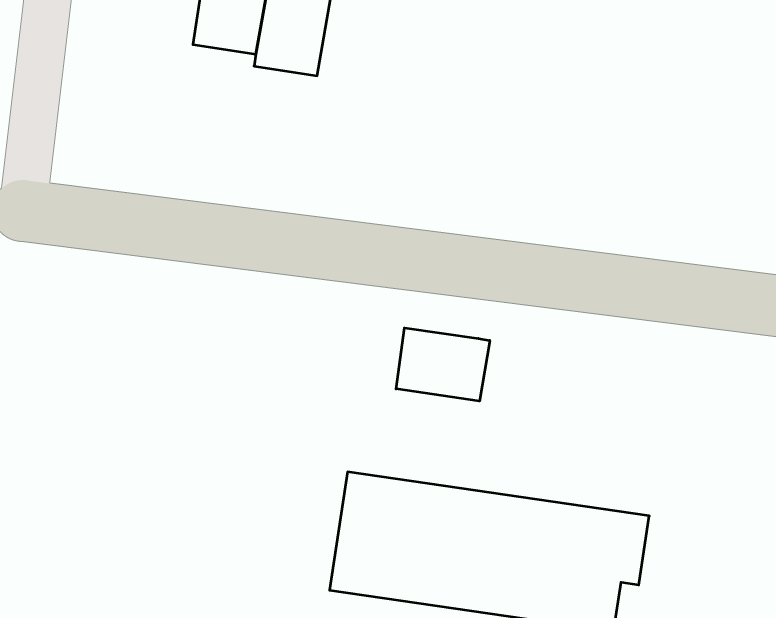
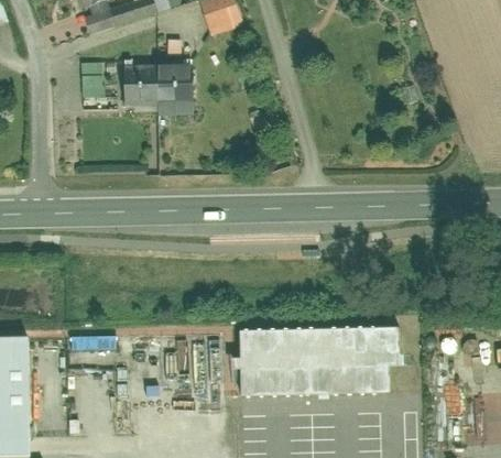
building: [396,328,490,401] -> none

